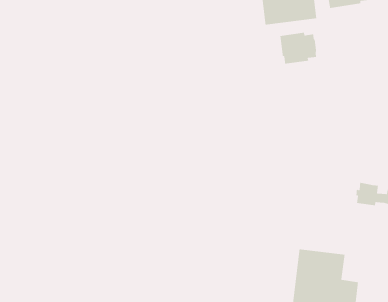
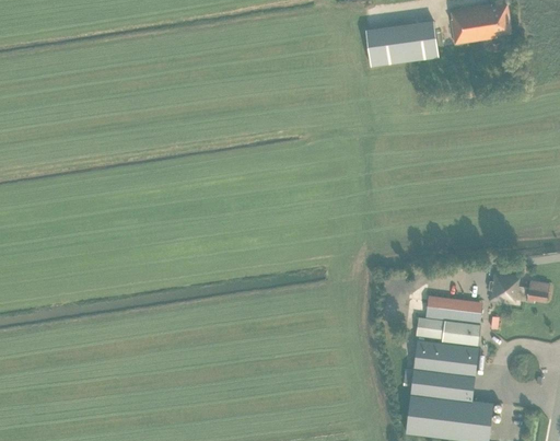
building: [279,32,317,64] -> none
building: none -> [416,299,481,365]

